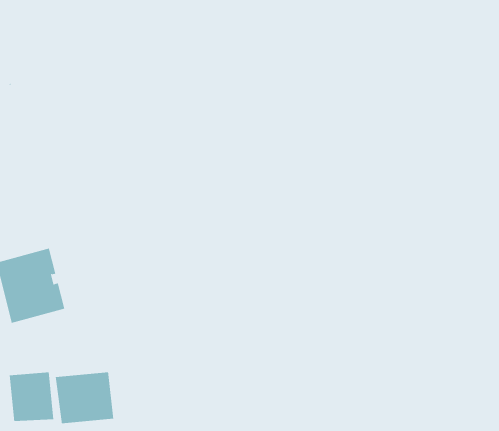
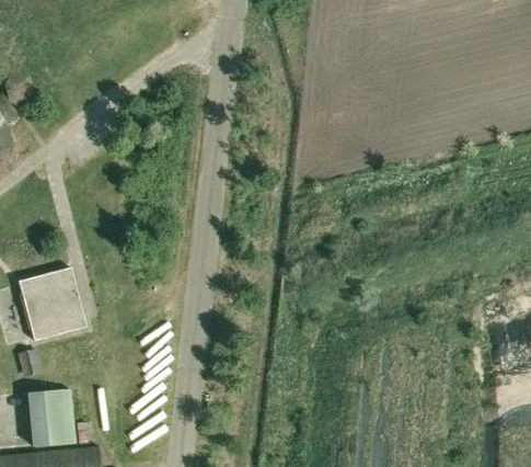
building: [55,371,114,424] -> none

